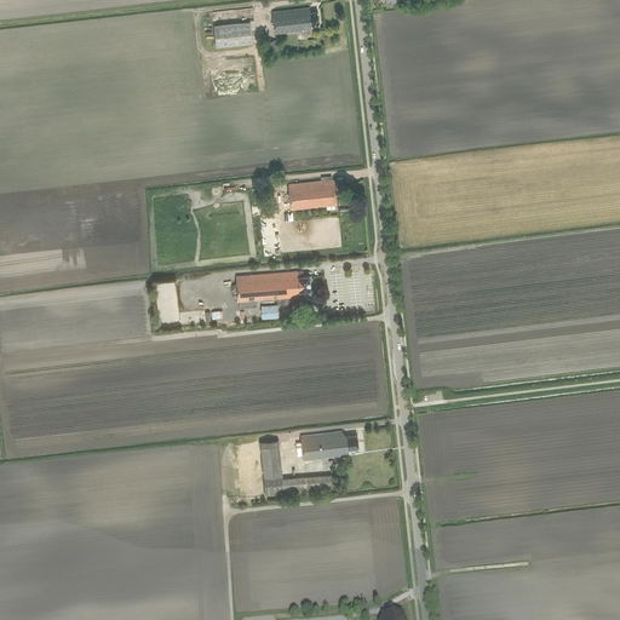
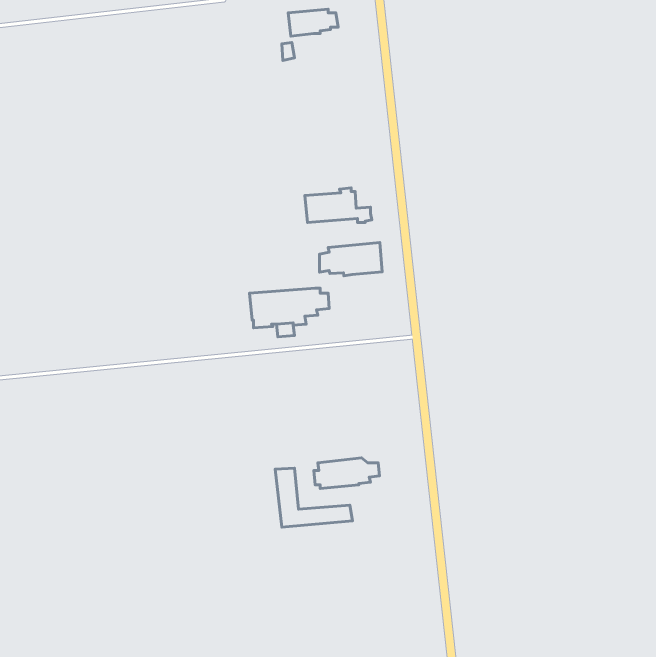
building: [213,22,252,47] -> none
building: none -> [319,243,382,276]

